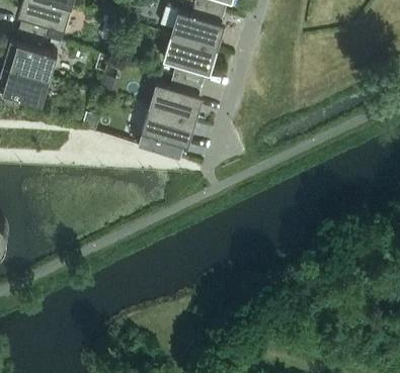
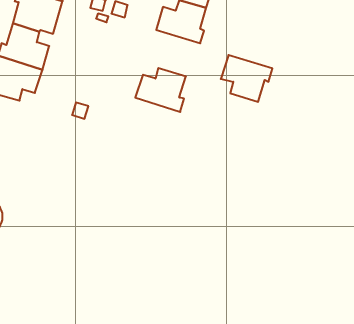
building: [163,34,218,84] -> [221,55,272,102]
building: [142,106,196,157] -> none

